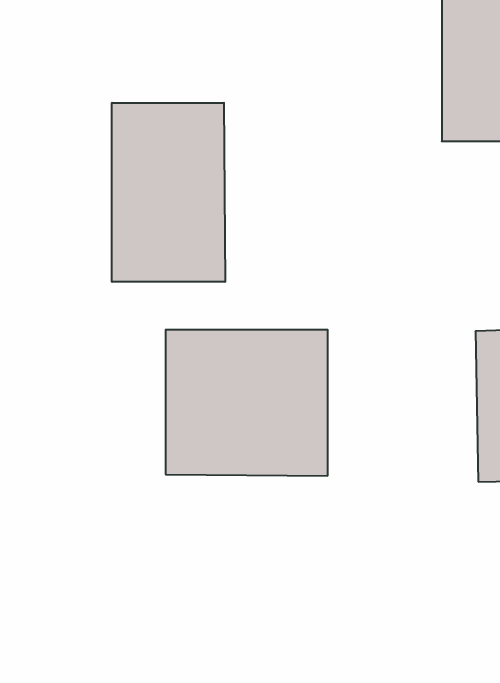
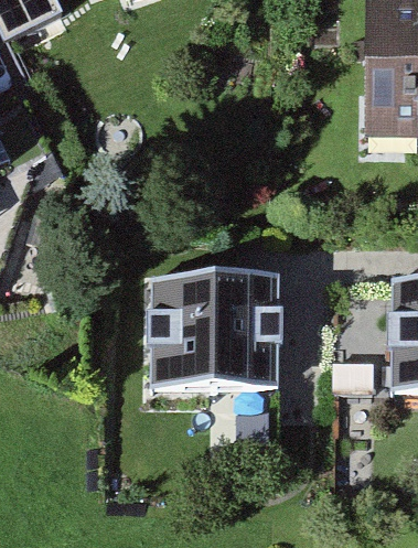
building: [112,103,225,282] -> none

